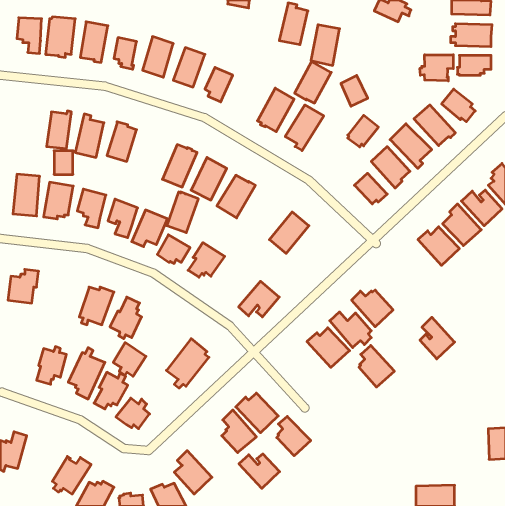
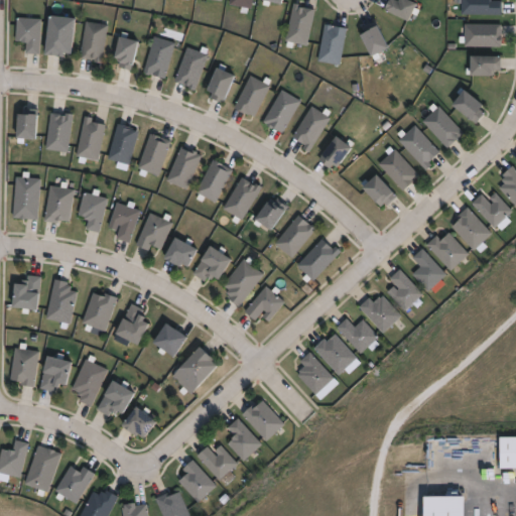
building: [420,55,453,81] -> none
building: [295,61,331,103] -> [233,76,270,118]
building: [341,75,368,106] -> [360,26,387,57]
building: [348,115,378,147] -> [318,137,350,169]
building: [54,151,73,174] -> [18,114,37,138]
building: [167,192,198,233] -> [140,134,172,175]
building: none -> [253,200,288,232]
building: none -> [297,240,341,281]
building: none -> [411,248,446,291]
building: none -> [223,259,264,307]
building: none -> [45,278,76,324]
building: [420,317,455,359] -> [387,268,422,310]
building: none -> [9,342,39,387]
building: [113,343,146,376] -> [151,321,184,356]
building: [359,345,394,387] -> [297,352,334,394]
building: [277,416,311,456] -> none
building: none -> [24,444,60,496]
building: [239,454,280,488] -> [197,445,238,481]

